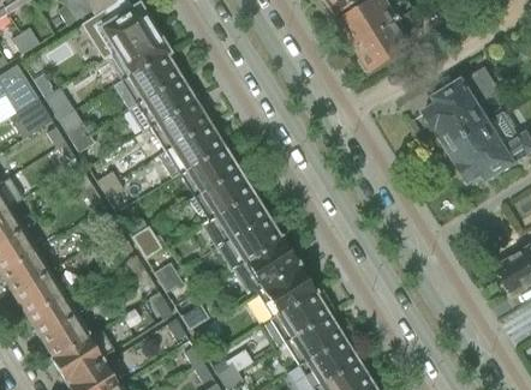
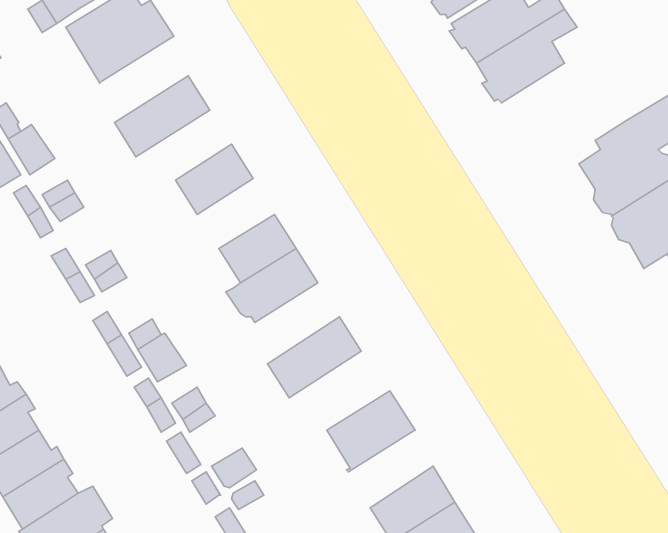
building: [107,26,169,84] -> none
building: [130,76,193,130] -> none
building: [171,121,222,168] -> none
building: [203,191,265,245] -> none
building: [232,235,299,290] -> none
building: [272,290,328,341] -> none

